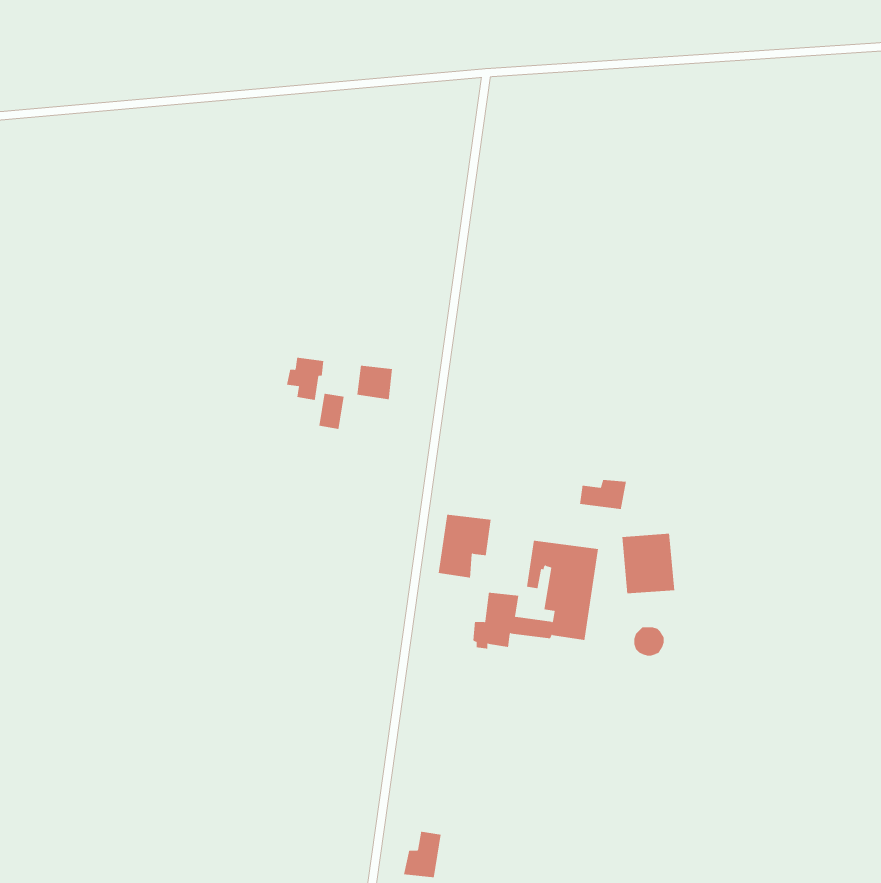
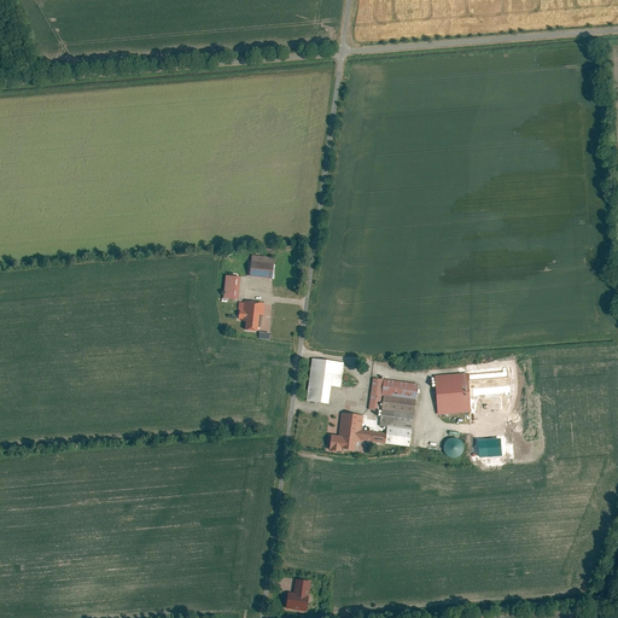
building: [286,357,324,400] -> [237,301,263,331]
building: [580,479,626,510] -> none

